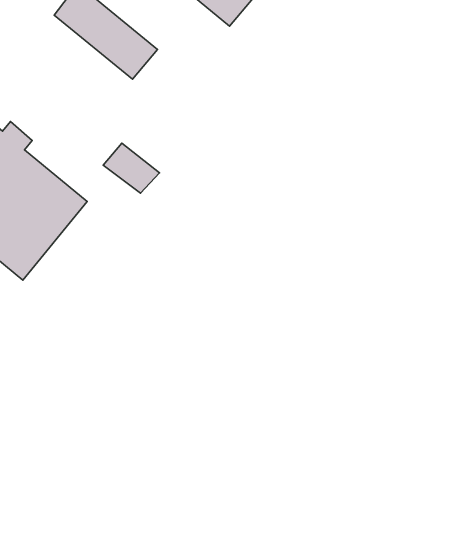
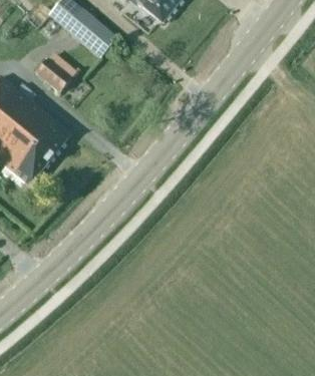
building: [103,143,159,193] -> [36,58,72,90]

